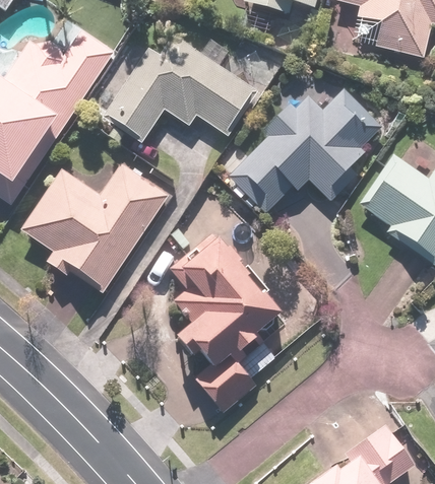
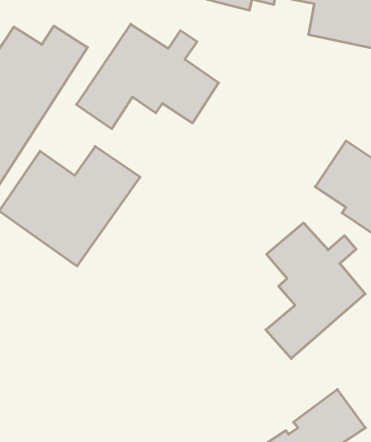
building: [224,84,383,212] -> none
building: [168,233,278,411] -> none
building: none -> [266,223,365,359]

